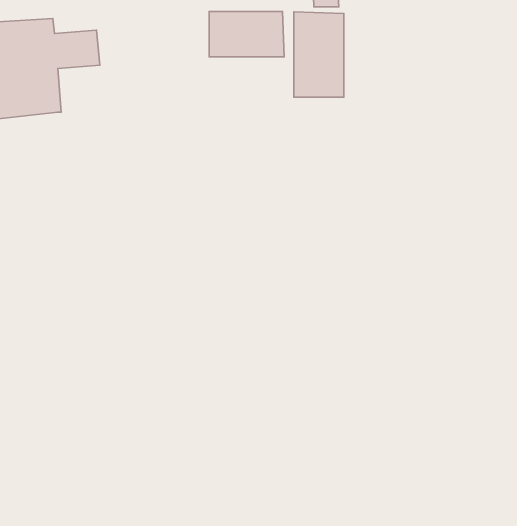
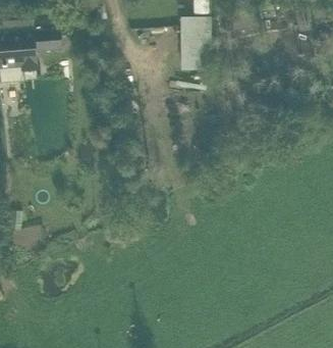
building: [209,11,284,57] -> none

